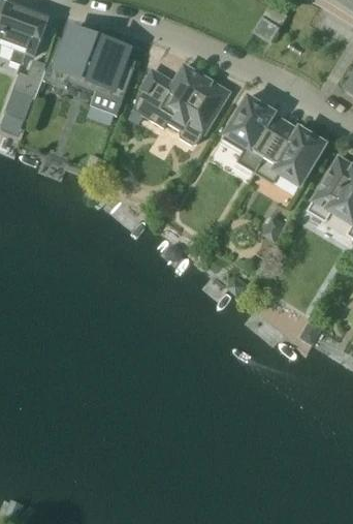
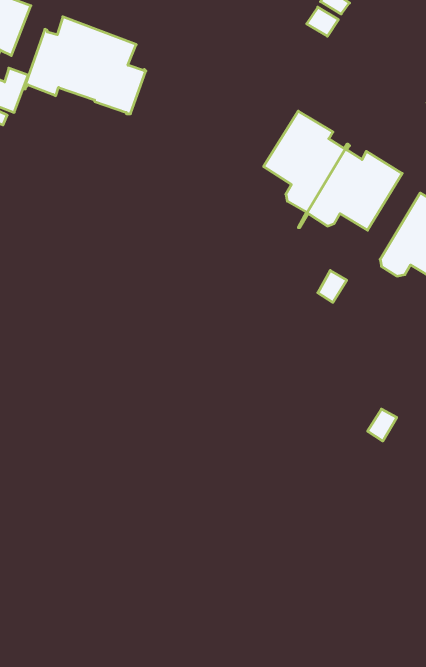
building: [133,64,228,144] -> none

